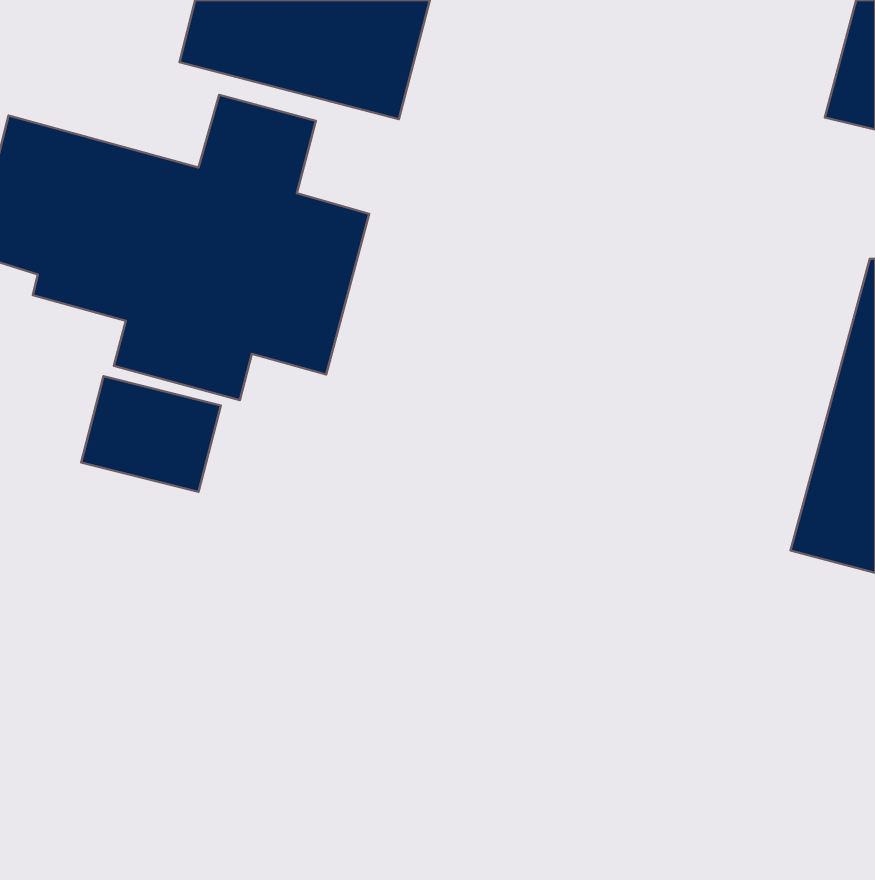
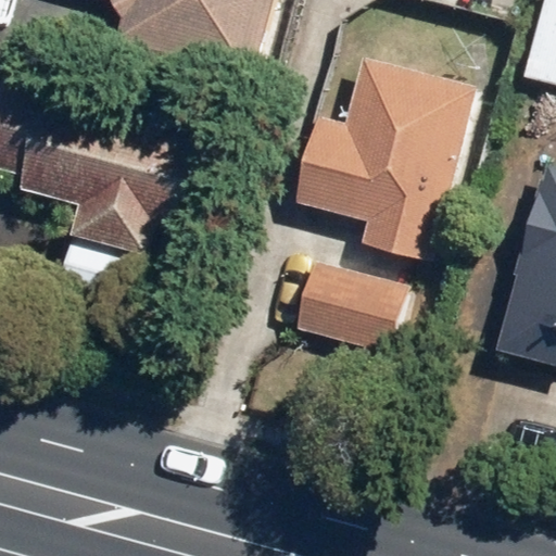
building: none -> [295,55,479,261]
building: none -> [293,258,406,353]

